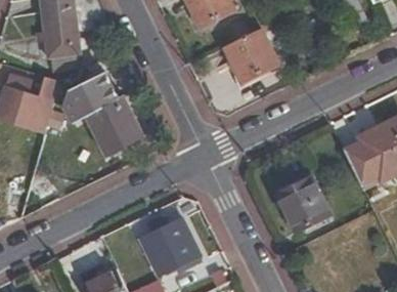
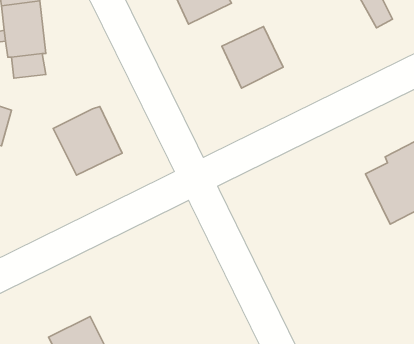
building: [67,71,118,118] -> none
building: [278,178,328,231] -> none
building: [141,219,200,276] -> none

